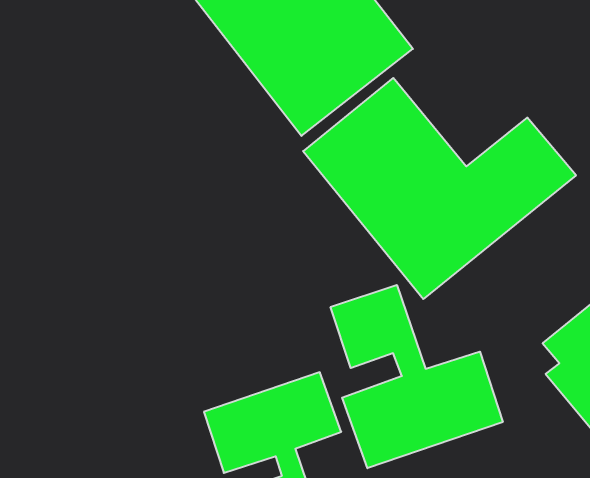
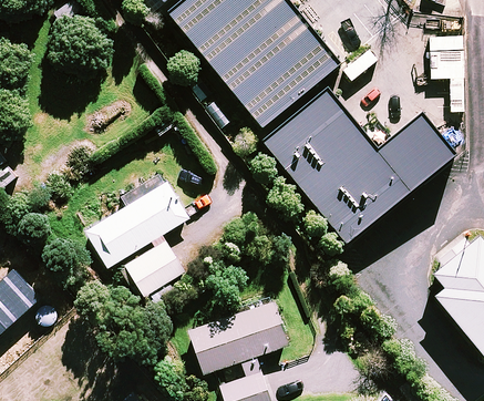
building: none -> [85,172,187,309]
building: [331,285,503,468] -> none

